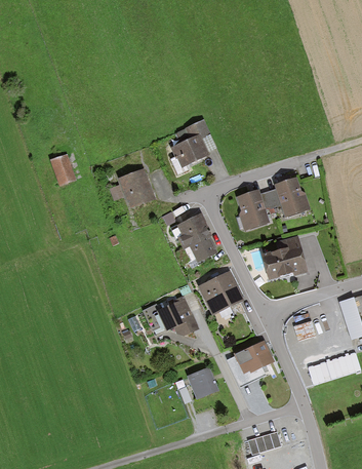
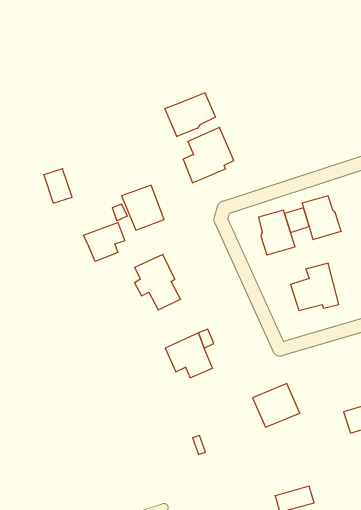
building: none -> [165,93,216,137]
building: none -> [84,223,125,261]
building: [176,212,216,261] -> [135,254,181,310]
building: [197,271,242,313] -> none
building: [187,367,216,398] -> none

